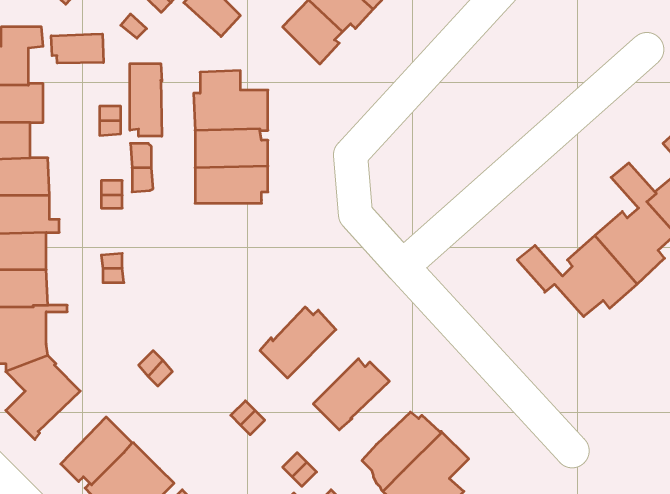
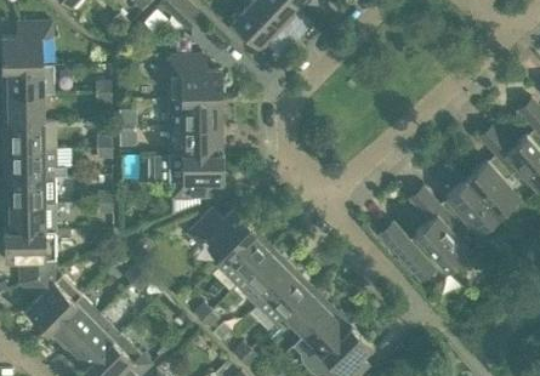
building: [51,34,103,63] -> none
building: [130,64,162,136] -> none
building: none -> [167,153,223,199]
building: none -> [188,209,256,258]
building: none -> [379,216,468,281]
building: none -> [237,250,290,306]
building: none -> [284,289,329,336]
building: none -> [50,296,101,351]

